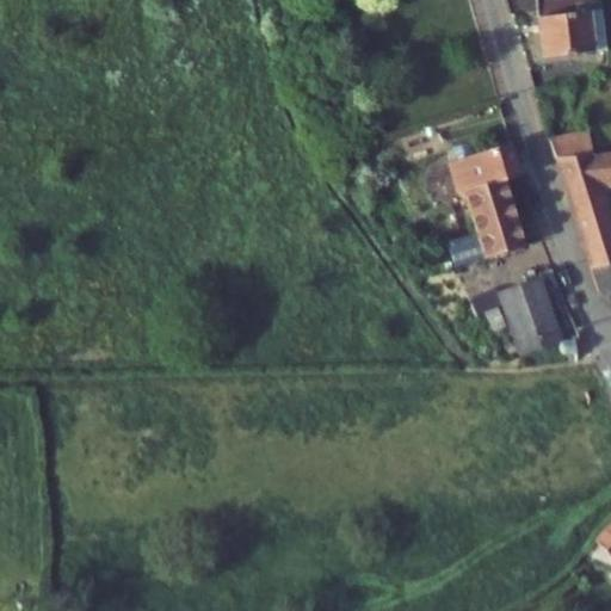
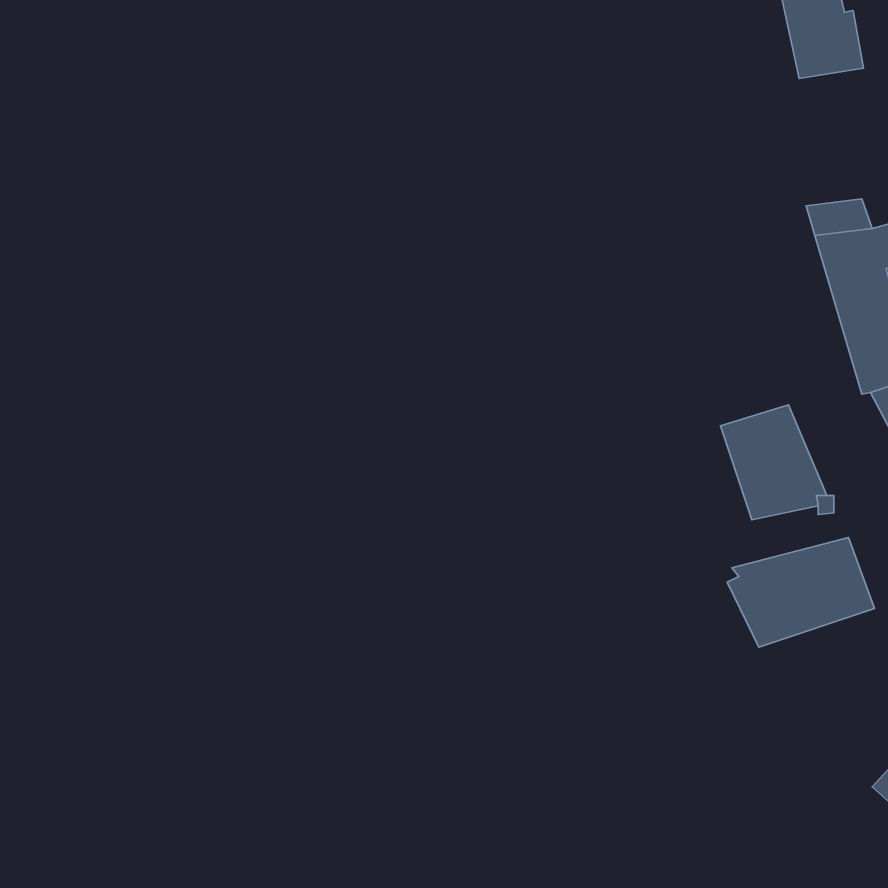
building: [449,143,529,259] -> none
building: none -> [727,537,875,647]

